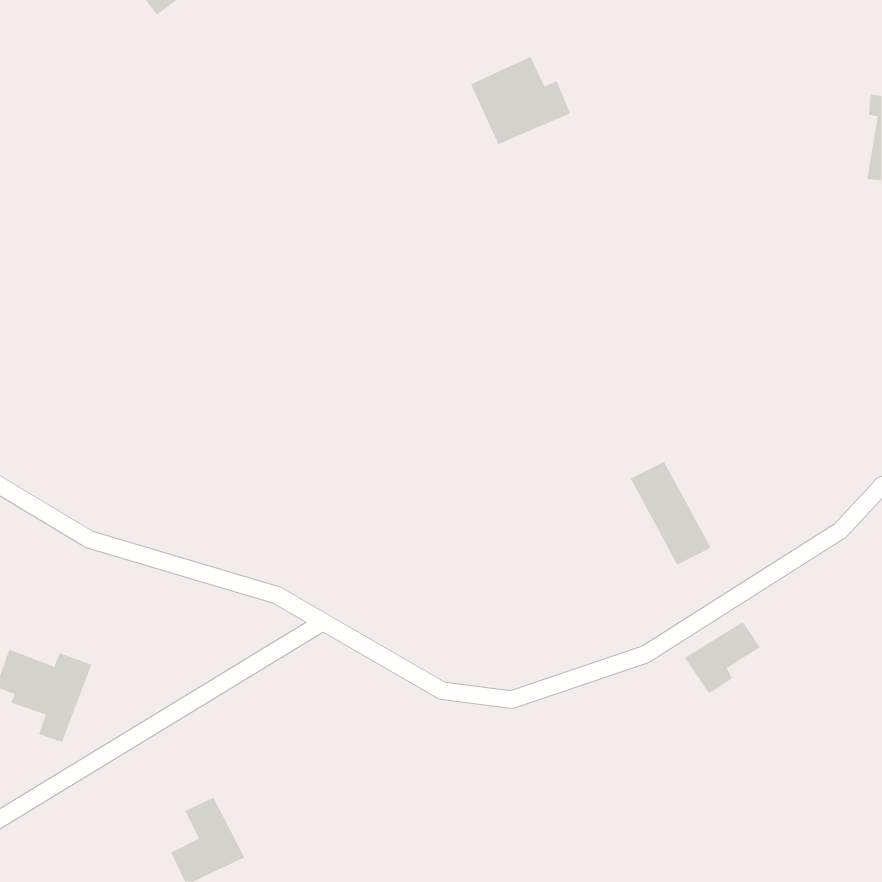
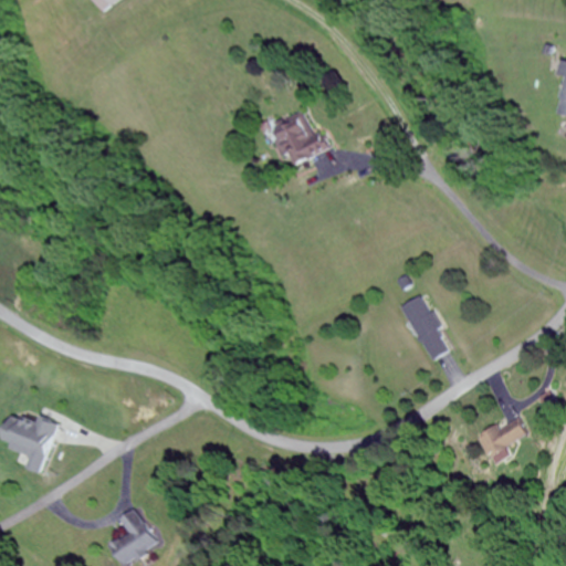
building: [470,56,571,145] -> [265,111,329,167]
building: [684,621,761,694] -> [483,416,532,462]

